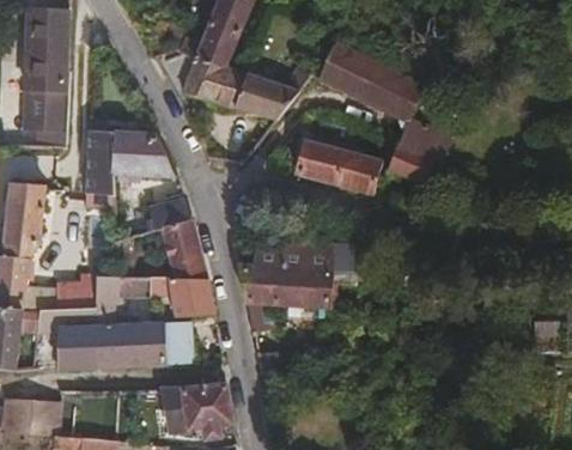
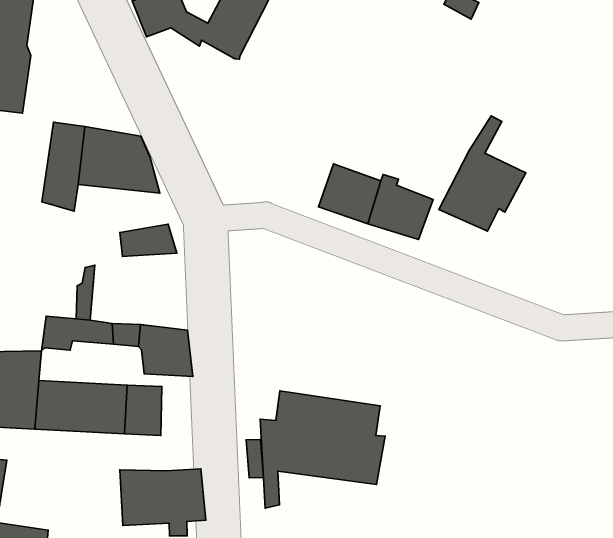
building: [320,45,425,124] -> none
building: [187,59,312,122] -> none
building: [159,221,206,279] -> none
building: [243,244,339,334] -> [260,391,385,508]

